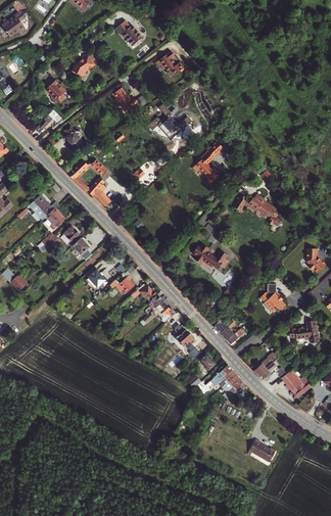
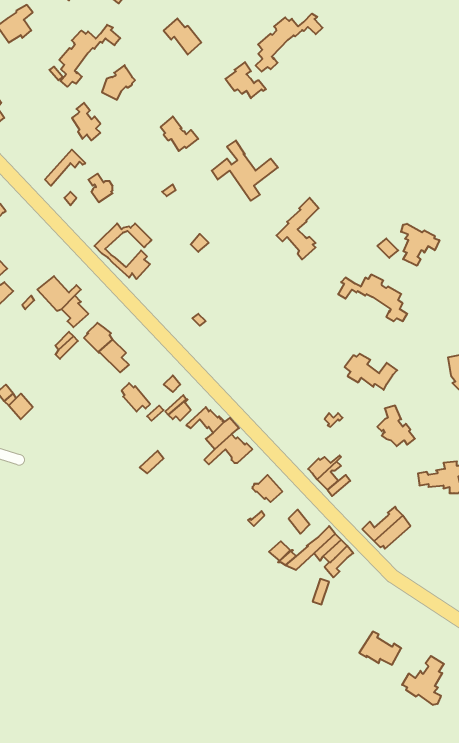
building: none -> [256,14,323,72]
building: none -> [59,25,120,87]
building: none -> [401,224,439,266]
building: [192,244,228,269] -> [345,354,397,390]
building: [281,367,312,397] -> none
building: none -> [402,656,444,705]

